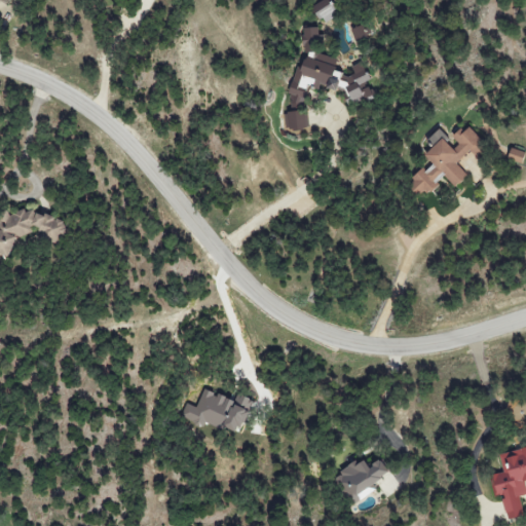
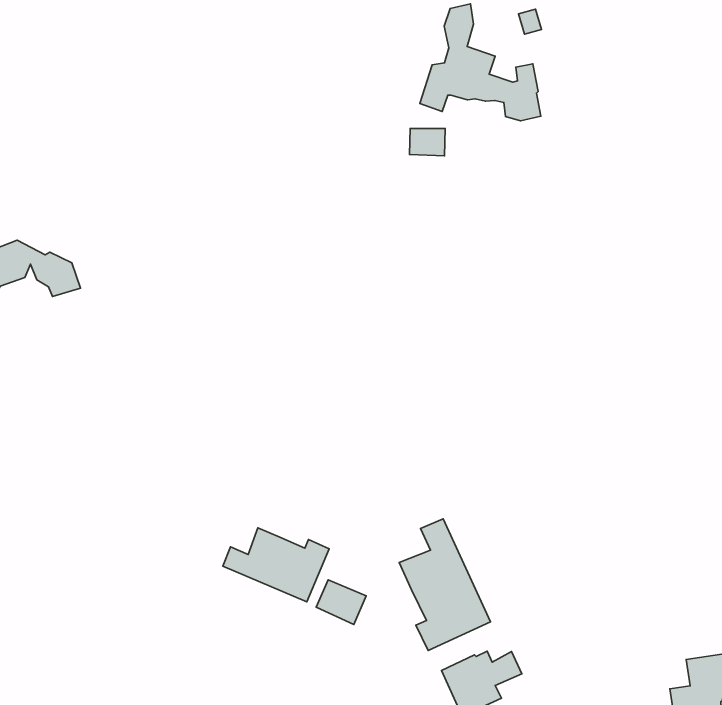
building: [410,126,484,195] -> none
building: none -> [399,519,490,650]
building: none -> [316,580,366,625]

